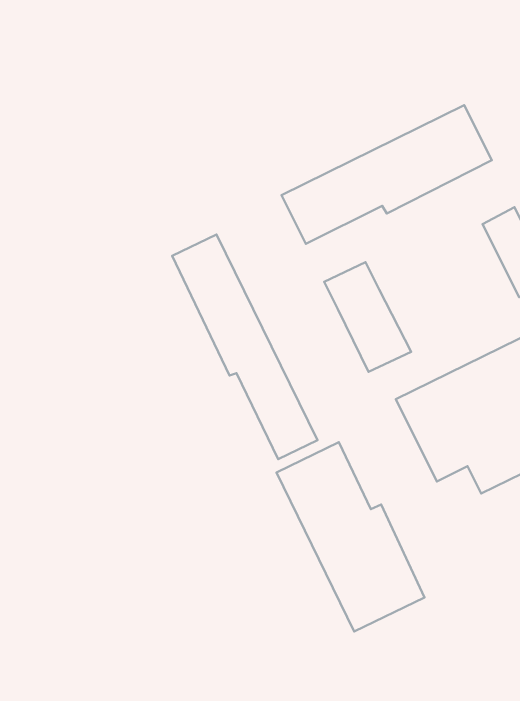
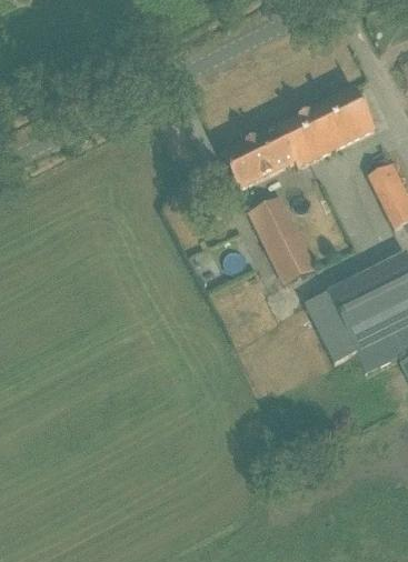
building: [172,235,318,459] -> none
building: [276,442,425,632] -> none

